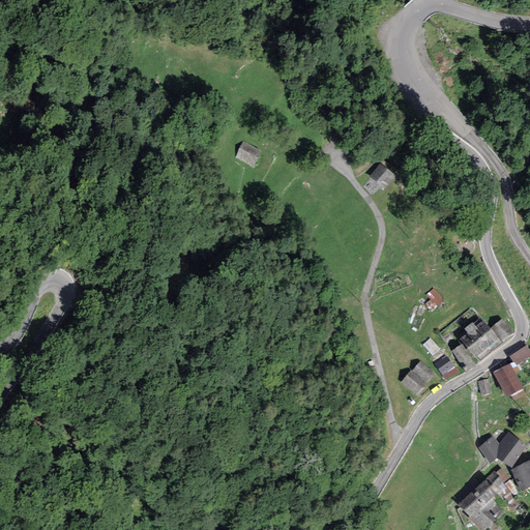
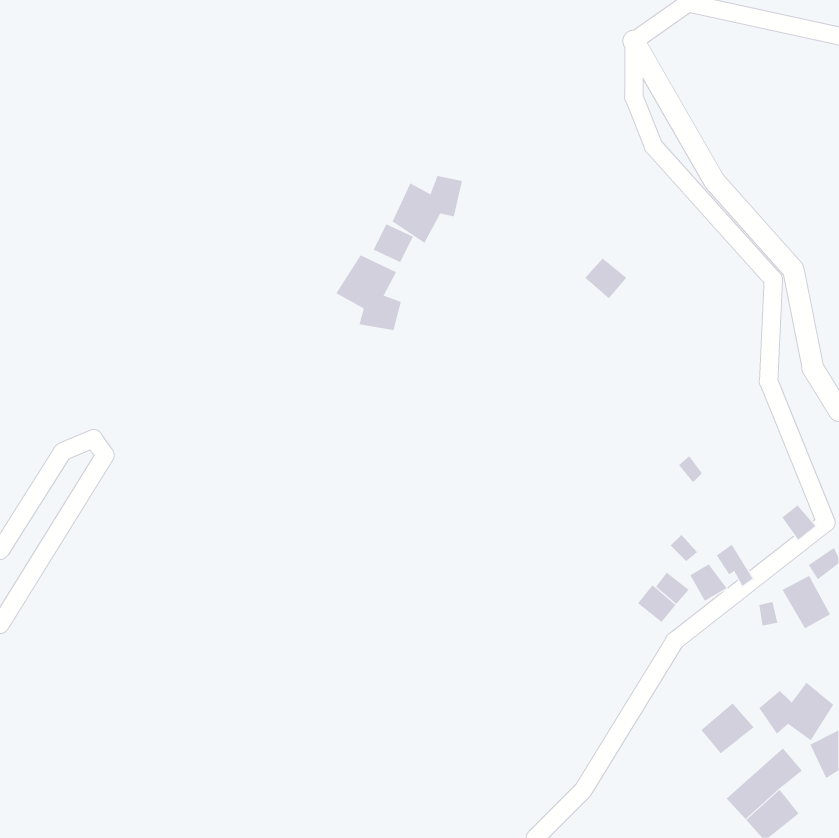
building: none -> [392,175,463,244]
building: none -> [336,255,402,331]
building: [461,320,501,360] -> none
building: none -> [701,702,754,754]

